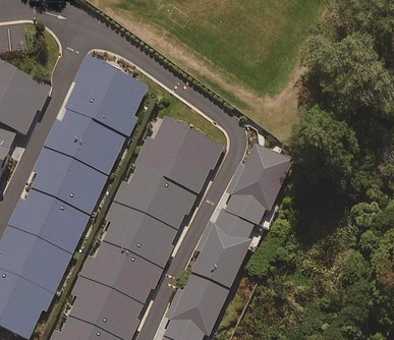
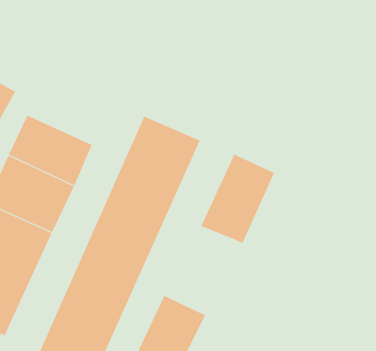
building: [59,64,143,141] -> none
building: [184,215,248,297] -> none

